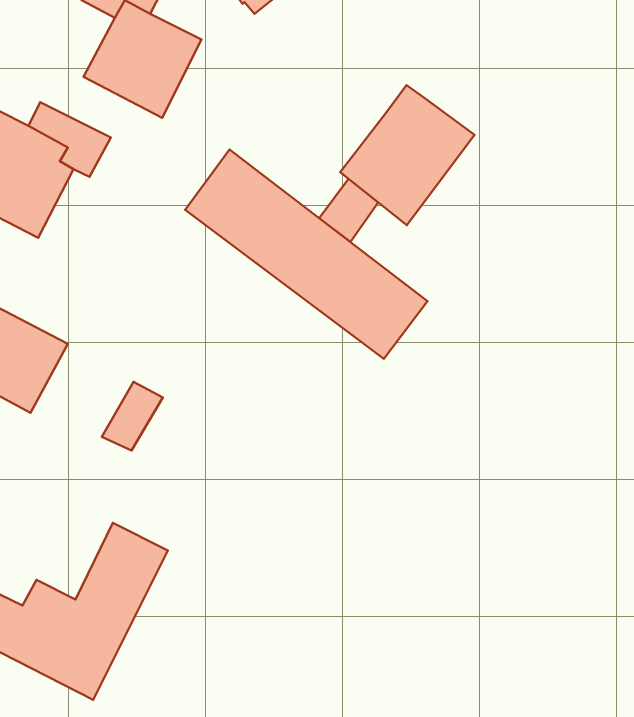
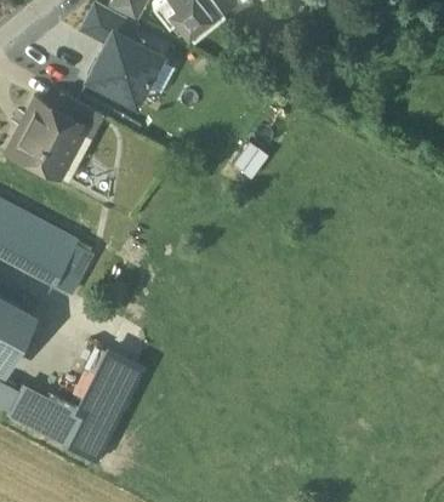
building: [340,85,475,225] -> none
building: [185,150,428,359] -> none
building: [102,382,163,450] -> [55,251,92,293]

